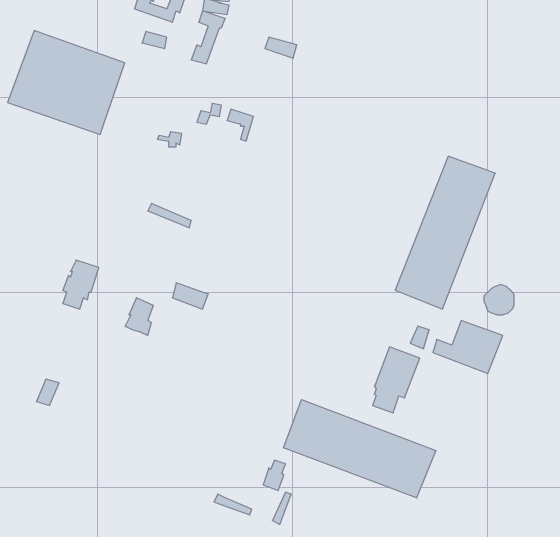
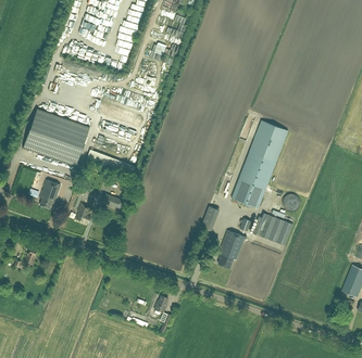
building: [8,31,125,134] -> [22,107,89,167]
building: [284,400,436,498] -> none

